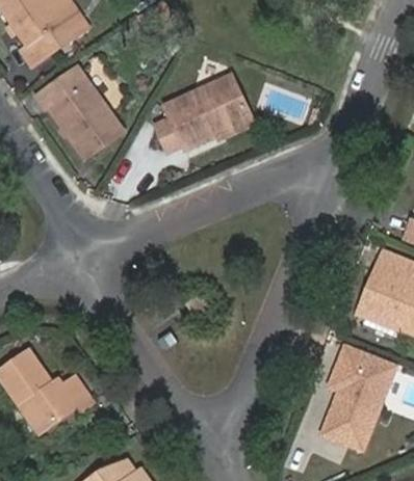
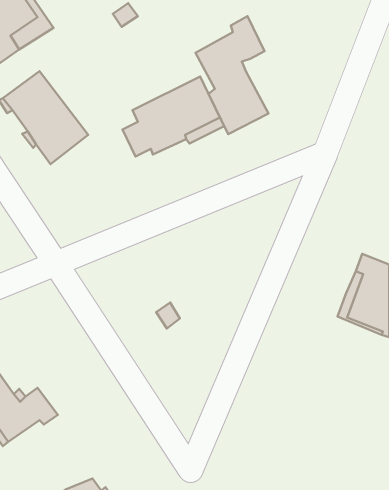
building: none -> [196,16,268,134]
building: [324,344,395,448] -> none

